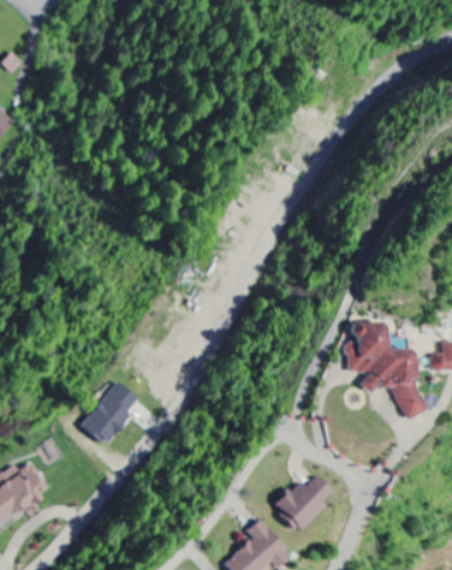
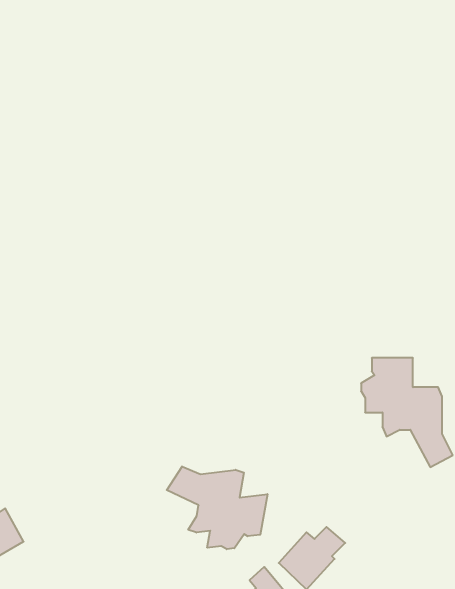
building: [76,381,133,446] -> none
building: none -> [167,466,267,549]

